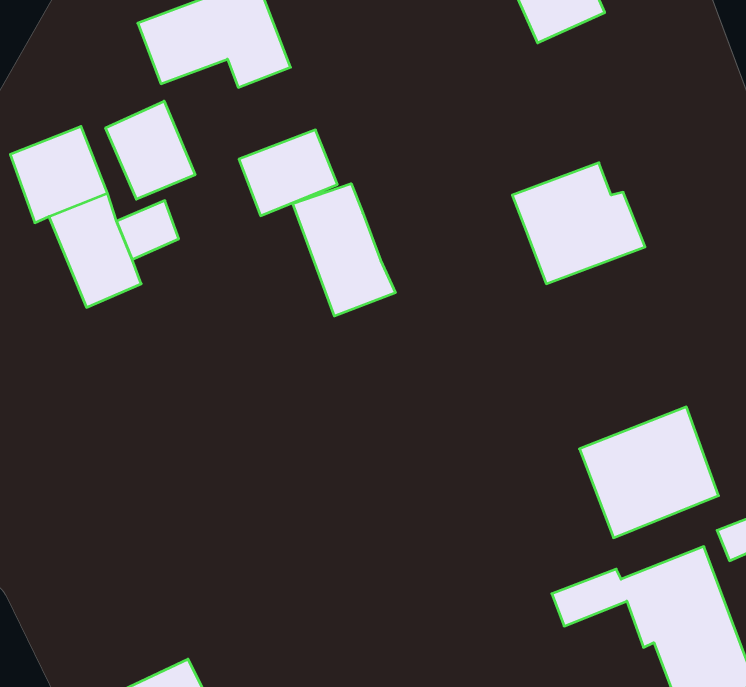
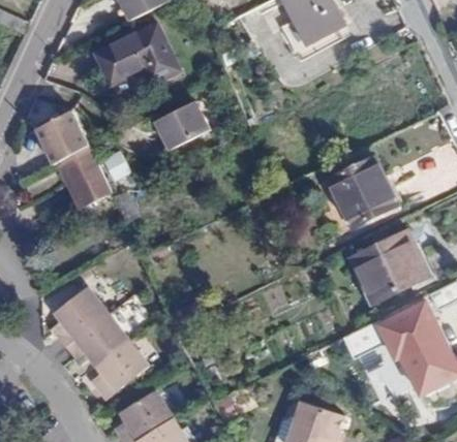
building: [106,101,195,199] -> none
building: [512,163,645,284] -> [329,159,402,226]
building: [293,184,395,316] -> none
building: none -> [53,286,149,397]

